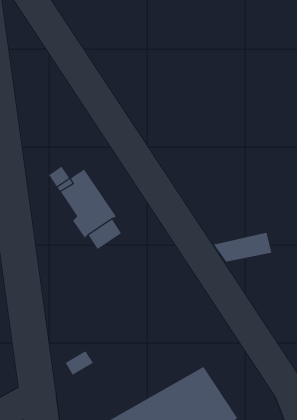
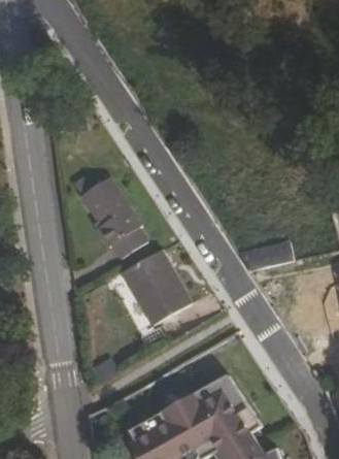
building: none -> [122,249,190,325]

